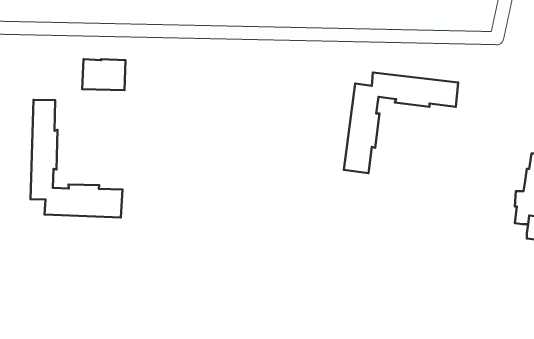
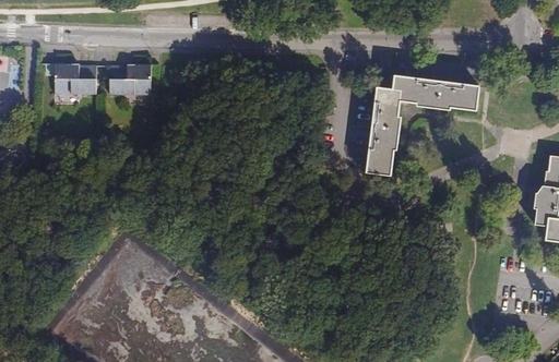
building: none -> [53,61,96,93]
building: [31,100,123,217] -> none

